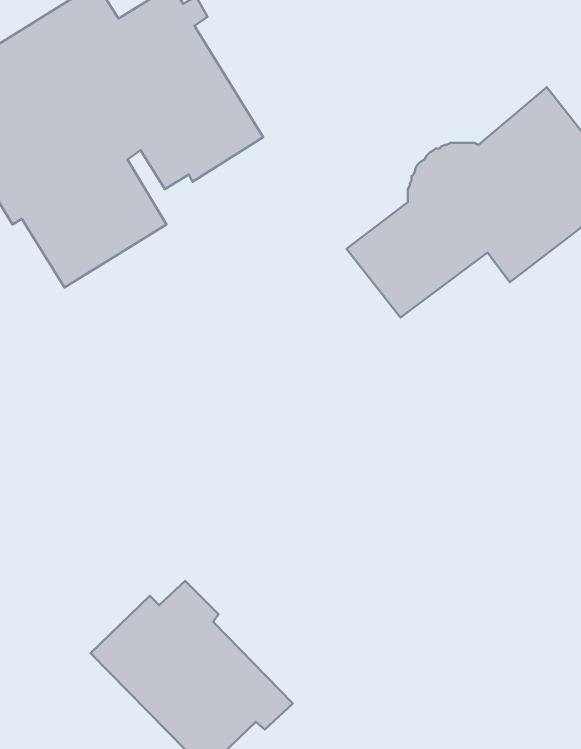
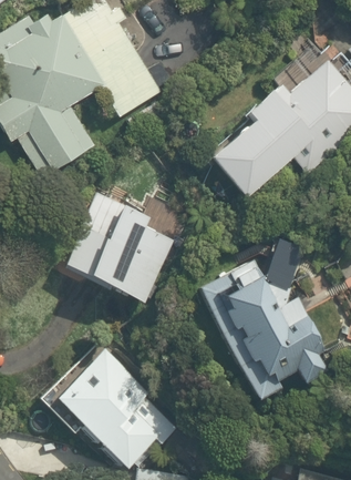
building: none -> [62,190,176,300]
building: none -> [196,262,335,408]

